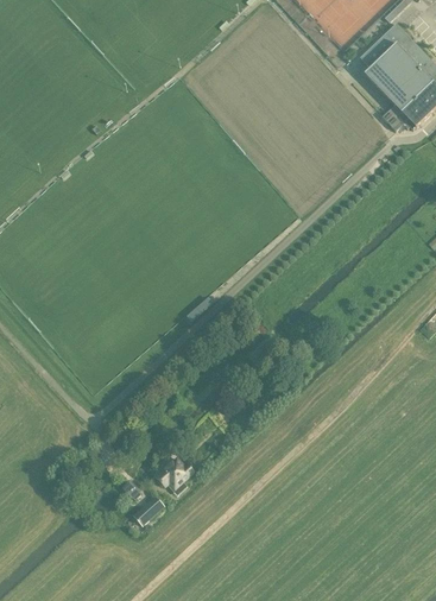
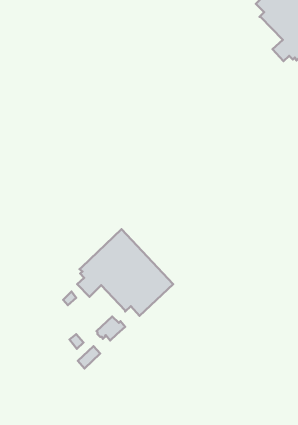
building: none -> [77,229,173,316]

